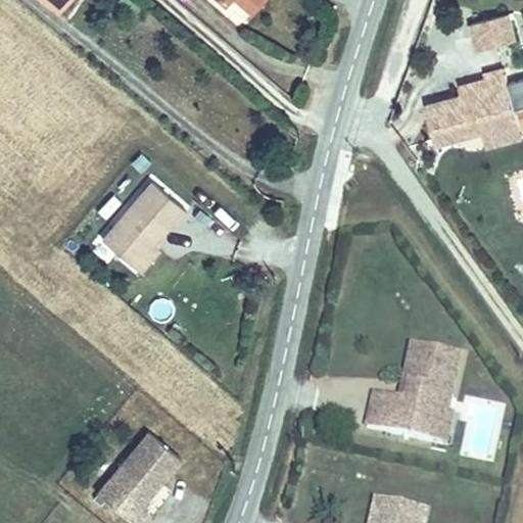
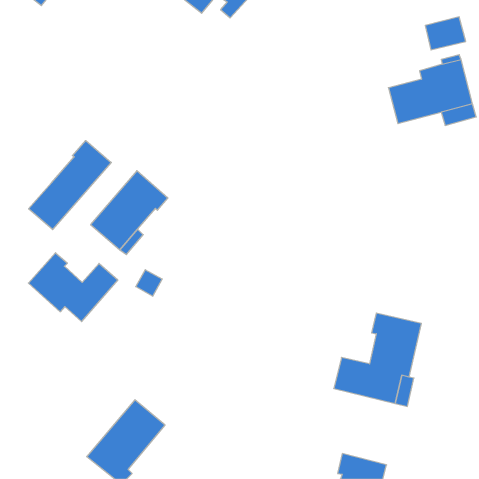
building: none -> [29,141,111,230]
building: none -> [28,253,118,322]

